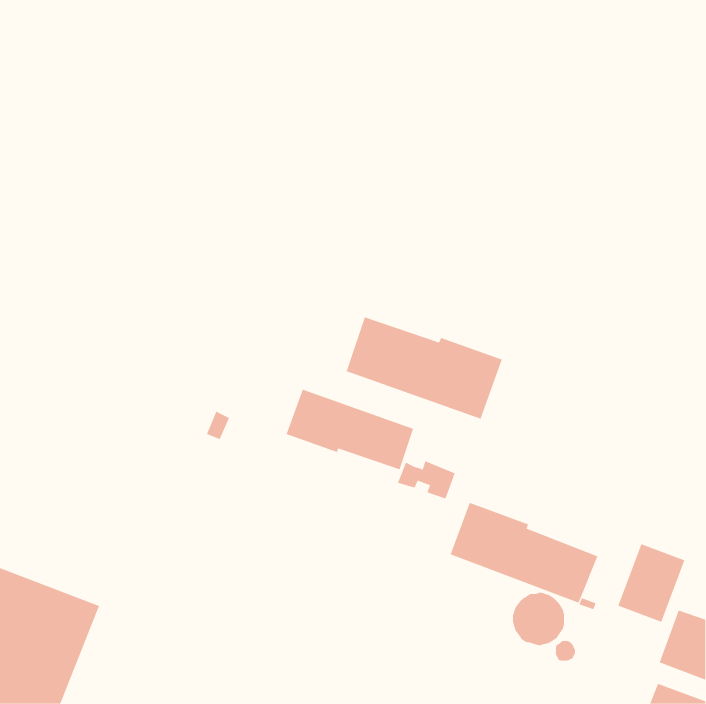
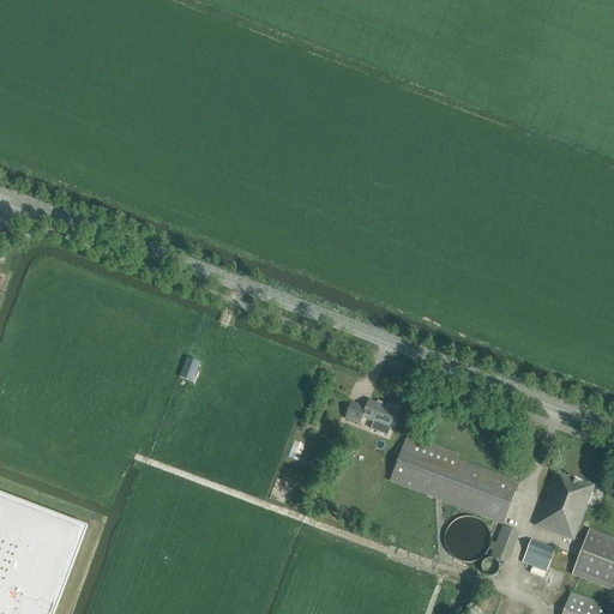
building: [346,317,503,420] -> none
building: [286,389,414,470] -> none
building: none -> [522,540,554,571]

